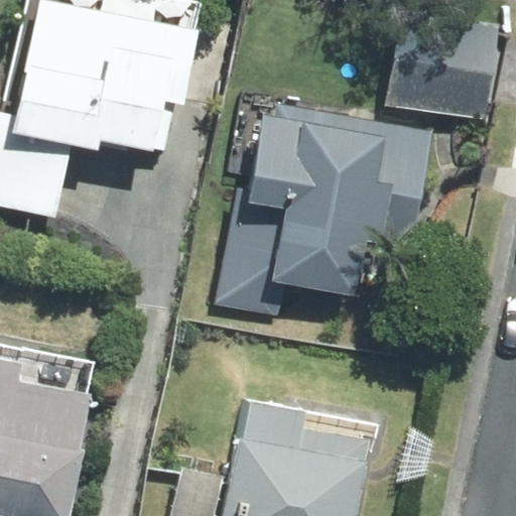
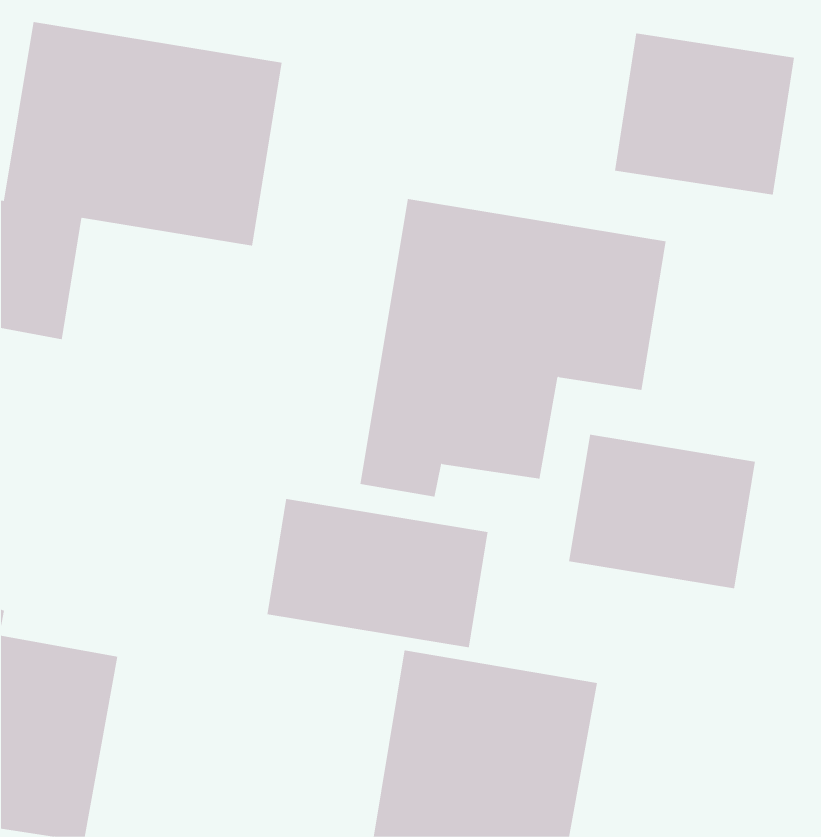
building: none -> [569,434,756,589]
building: none -> [267,498,488,648]

